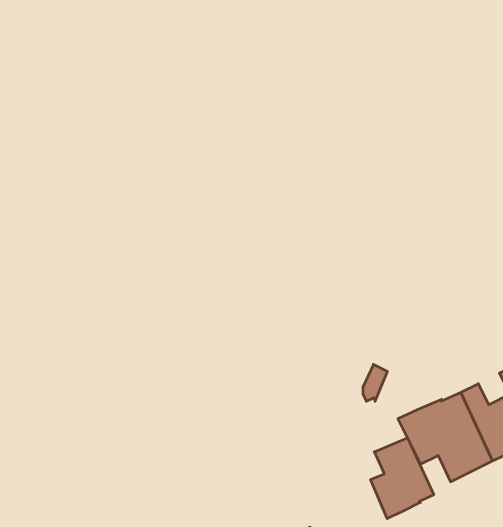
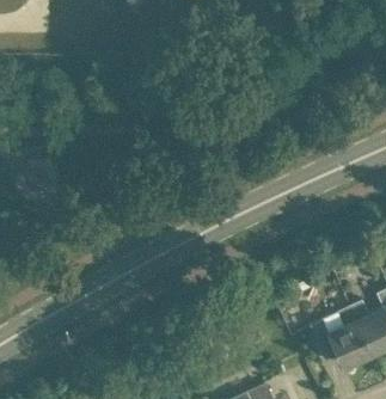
building: [371,438,434,519] -> none

